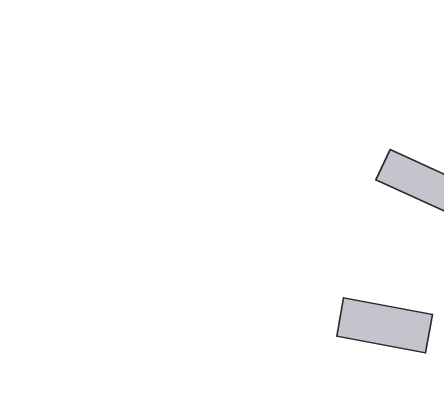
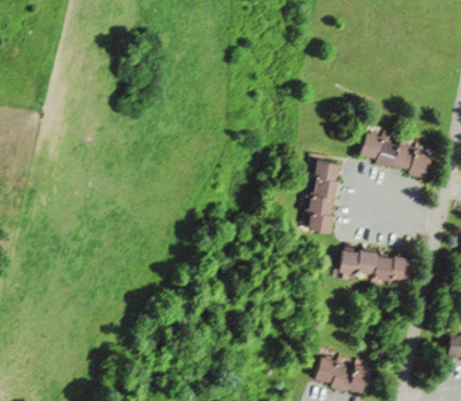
building: none -> [307,158,341,231]

